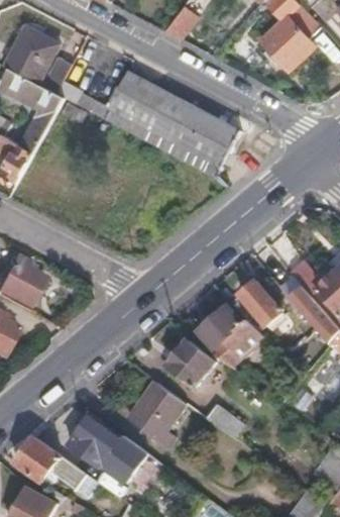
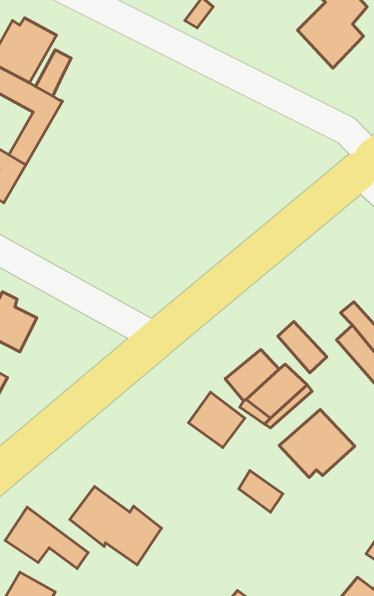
building: [75,74,240,178] -> none
building: none -> [279,409,355,478]
building: [127,379,187,447] -> none

